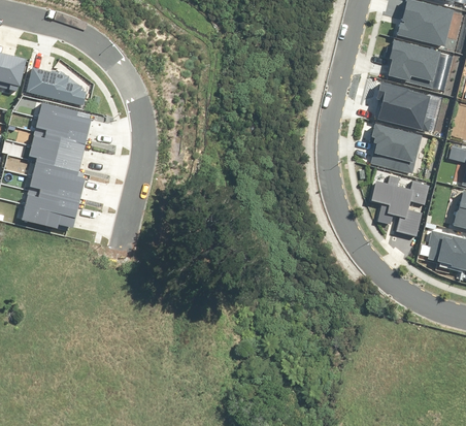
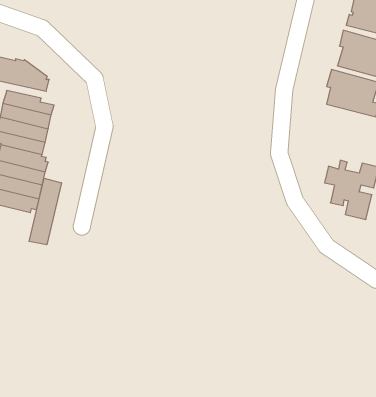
building: [370,124,422,172] -> none
building: none -> [29,178,61,245]

